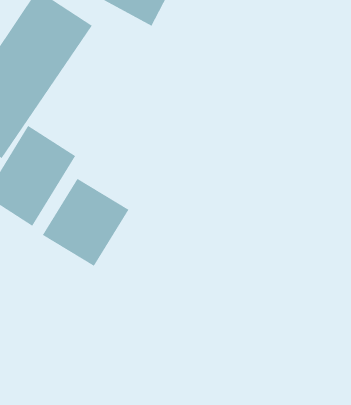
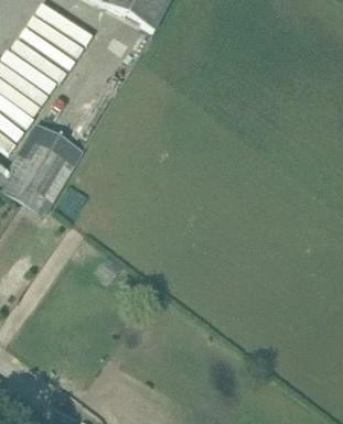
building: [42,178,130,267] -> none

